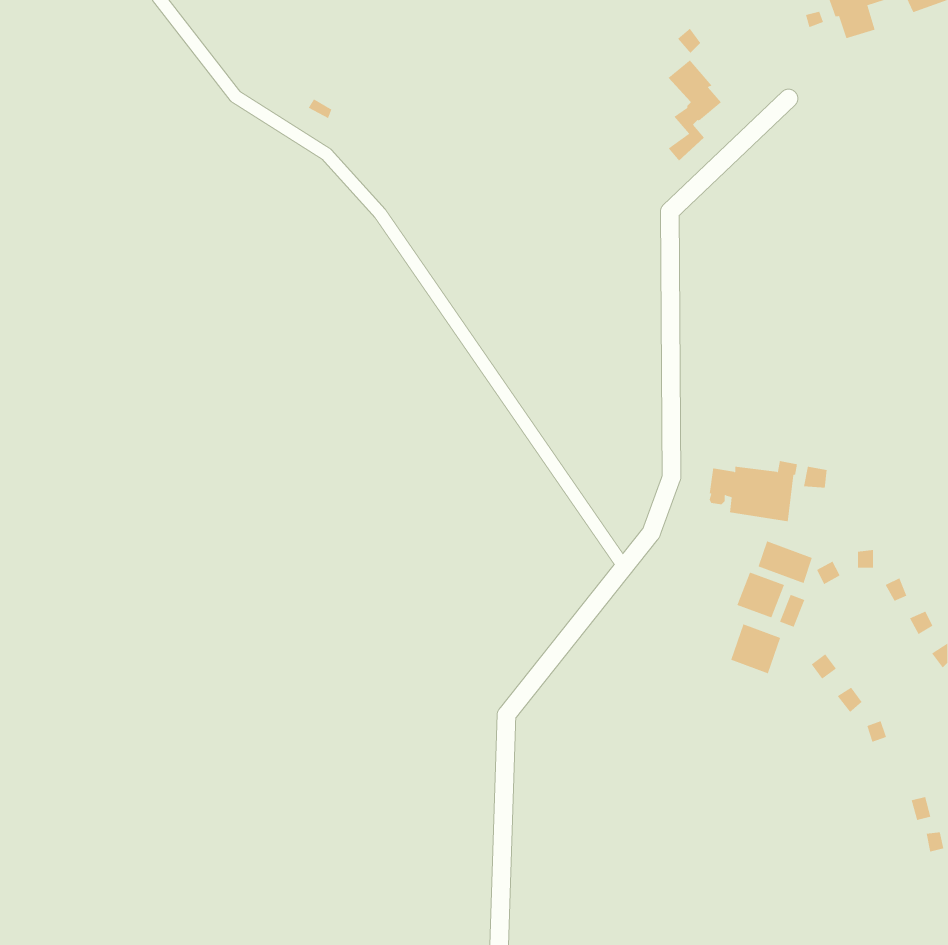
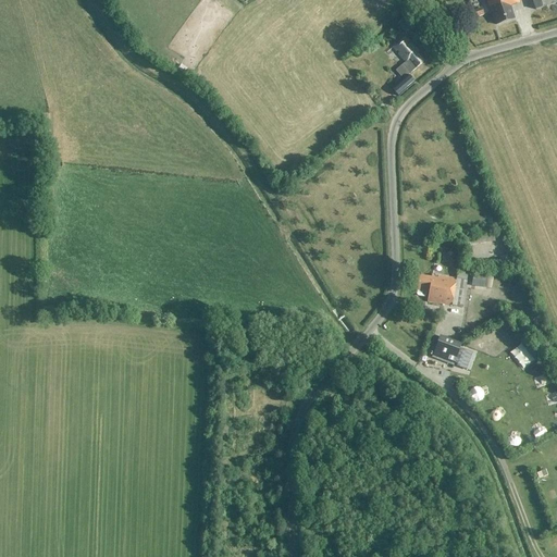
building: [758,541,812,584] -> none
building: [730,624,781,674] -> none

